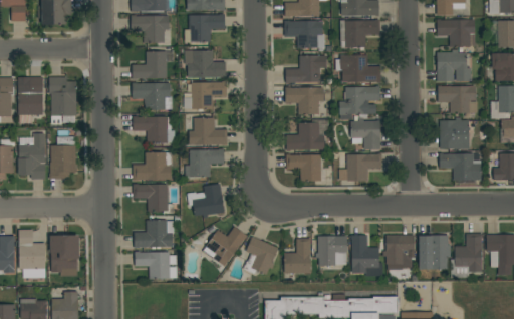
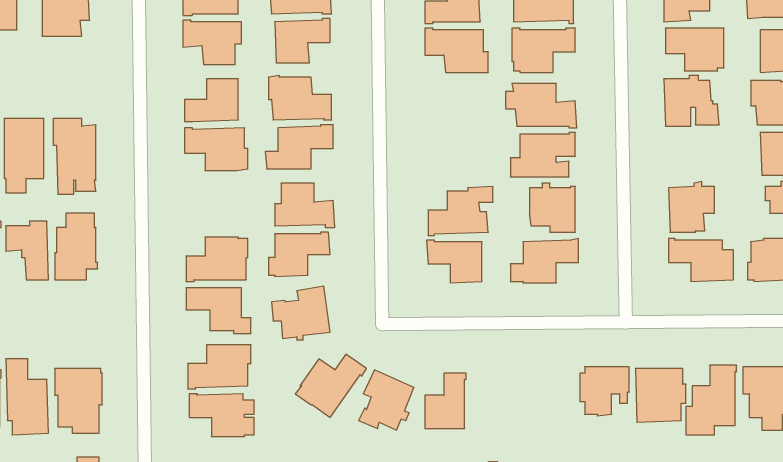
building: [286,56,327,83] -> none
building: [438,86,478,113] -> none
building: [286,87,324,115] -> none
building: [134,116,175,144] -> none
building: [316,236,347,266] -> none
building: [351,236,383,277] -> none

